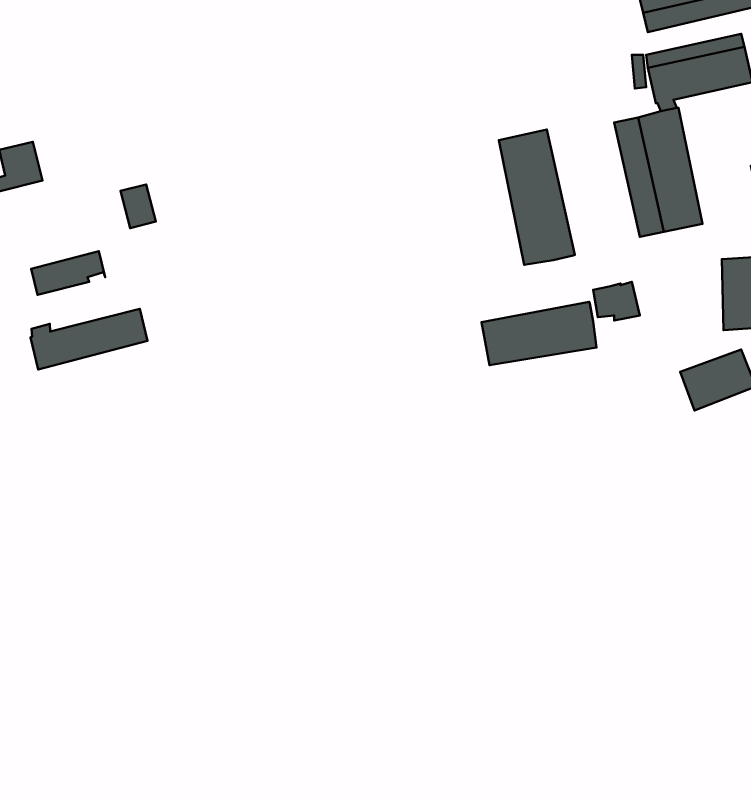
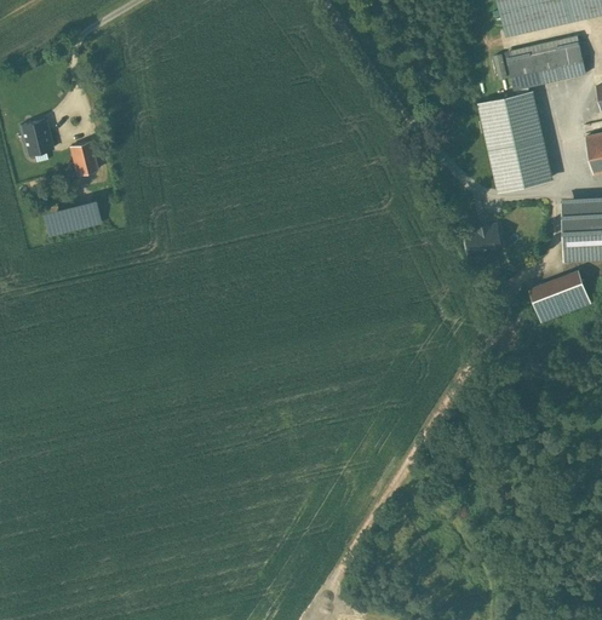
building: [499,130,575,265] -> none
building: [121,185,156,228] -> [70,142,97,174]
building: [481,302,597,365] -> none
building: [30,309,148,369] -> none

